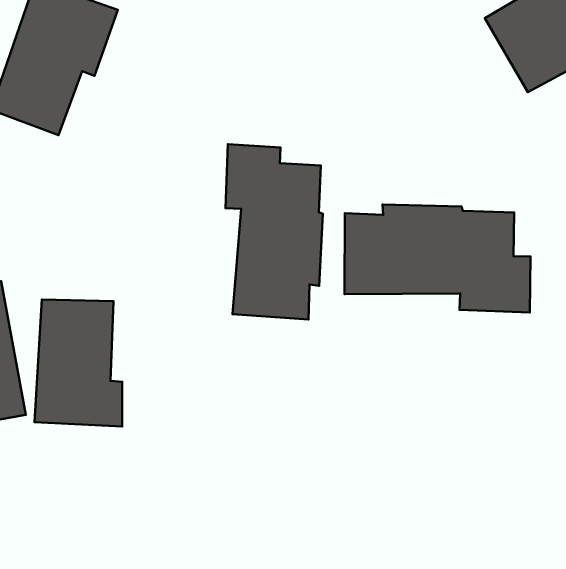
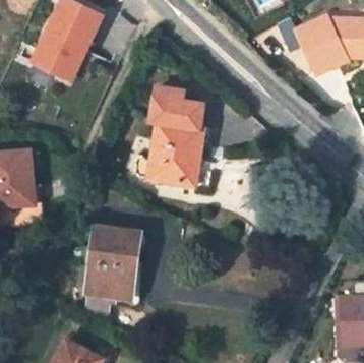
building: [344,205,530,313] -> none
building: [35,299,122,426] -> [87,227,135,297]

